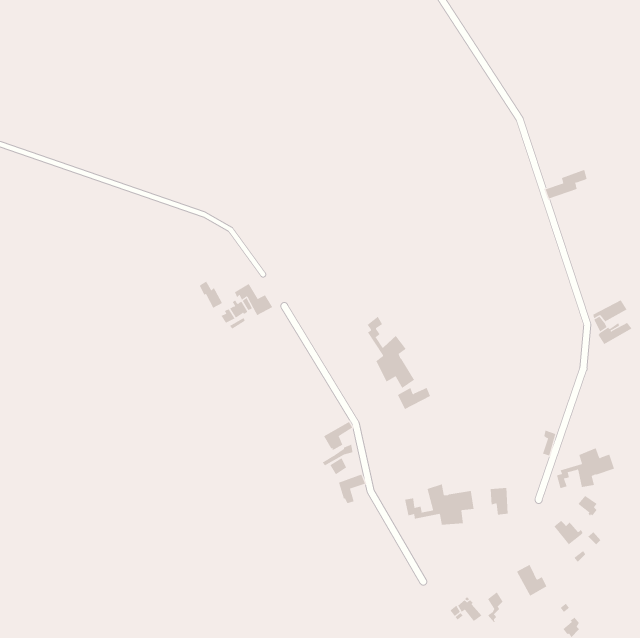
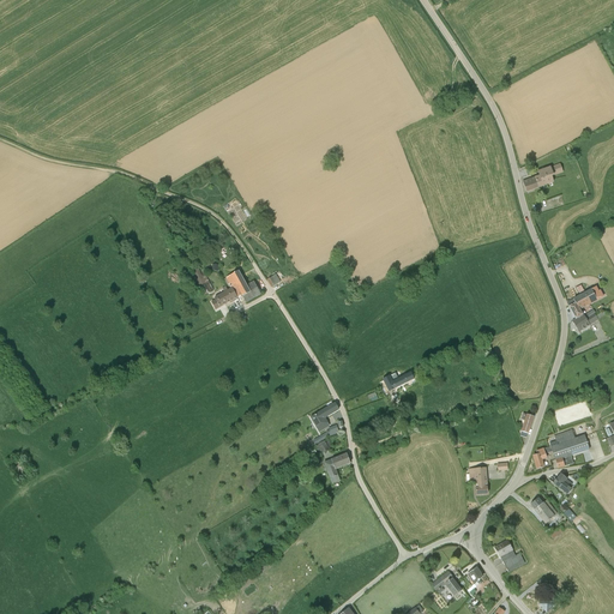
building: [367,316,415,389] -> none
building: [405,484,474,526] -> none

